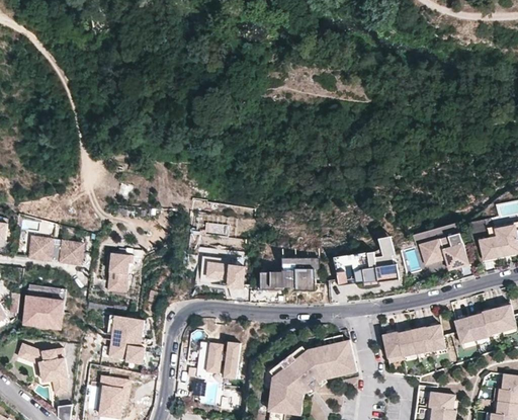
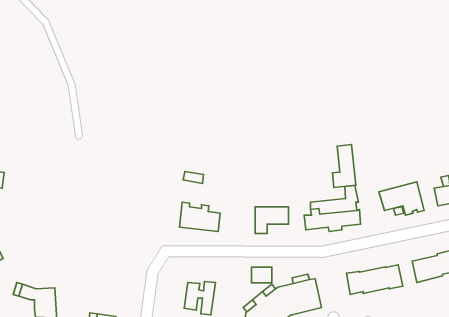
building: none -> [332,145,356,188]
building: [29,236,84,264] -> none
building: [108,253,134,286] -> none
building: [261,272,283,289] -> [251,267,272,283]
building: [25,284,67,329] -> none
building: [109,315,146,363] -> none

